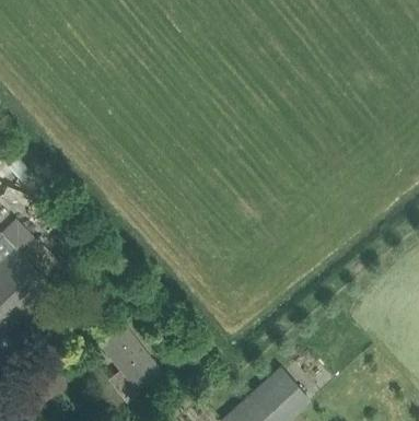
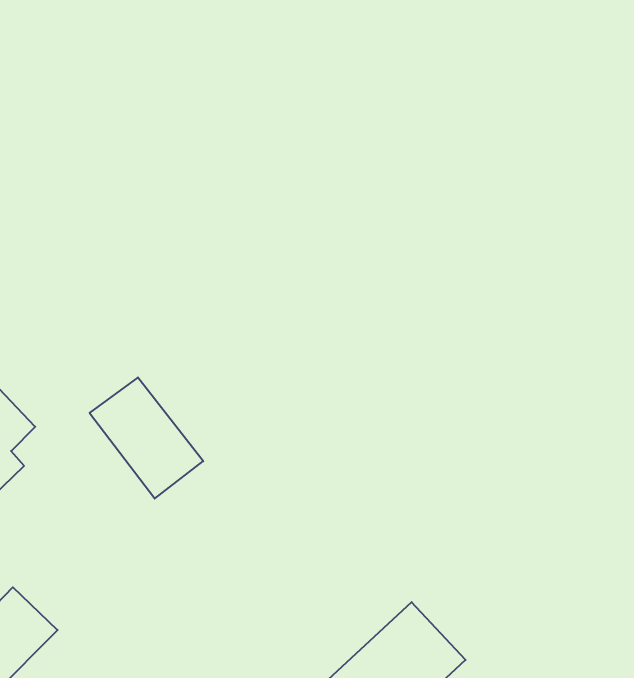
building: [94,321,161,393] -> [90,377,203,499]

